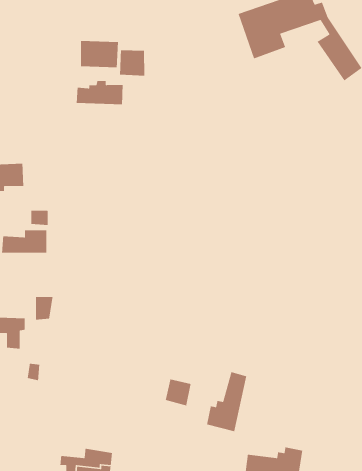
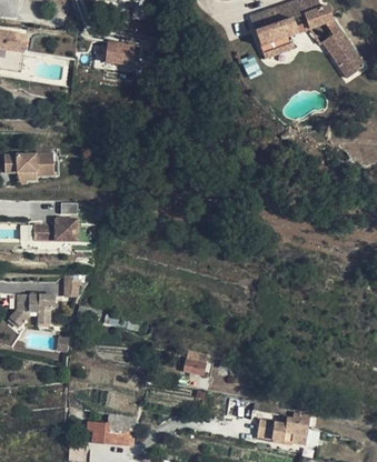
building: [119,49,145,76] -> none
building: [76,80,124,105] -> none
building: [206,371,247,432] -> none

